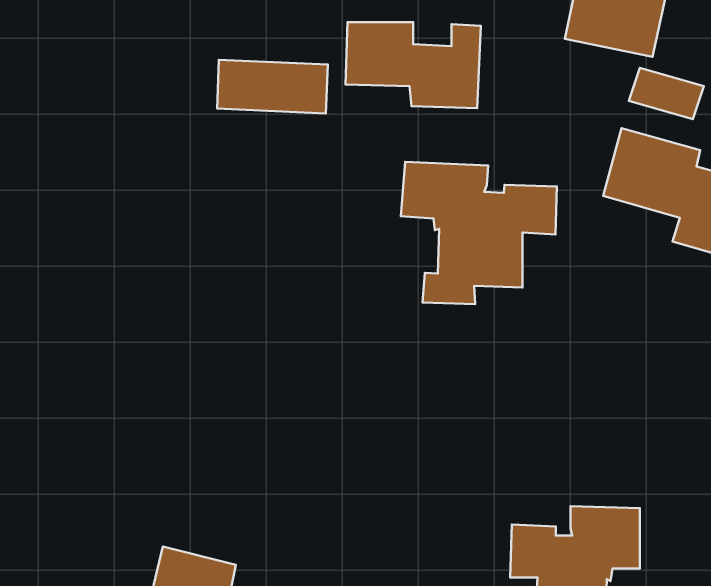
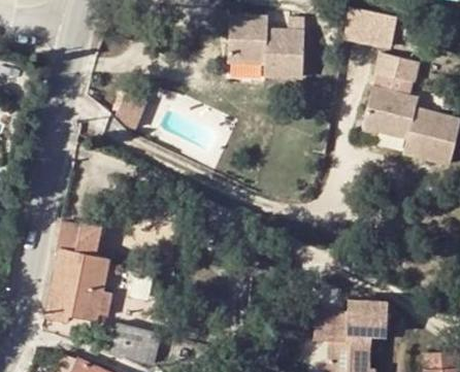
building: [217,60,328,113] -> none
building: [401,162,557,304] -> none
building: none -> [46,223,107,320]

